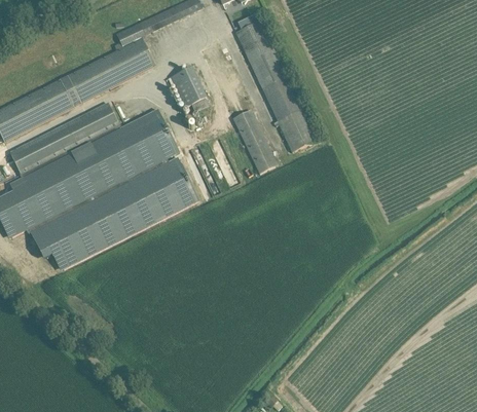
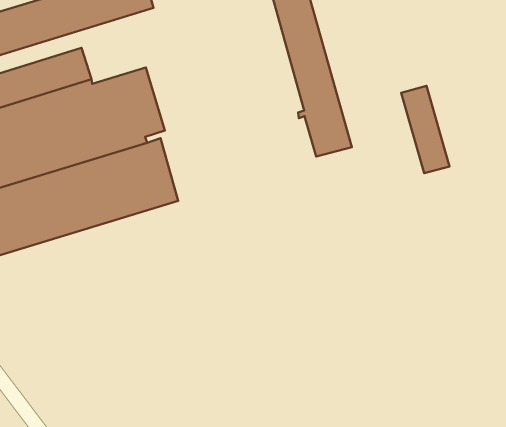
building: [164,67,207,112] -> none
building: [231,110,276,174] -> [401,86,449,173]

